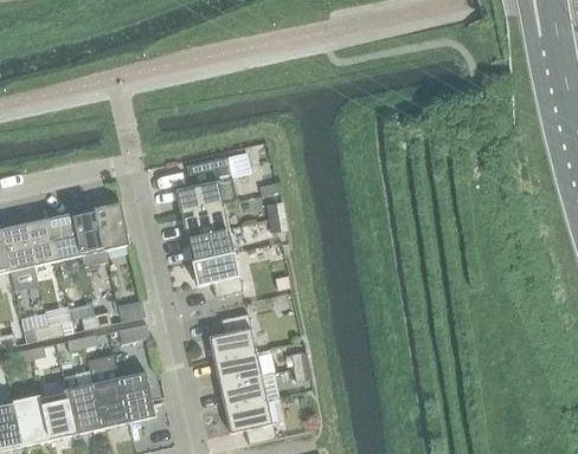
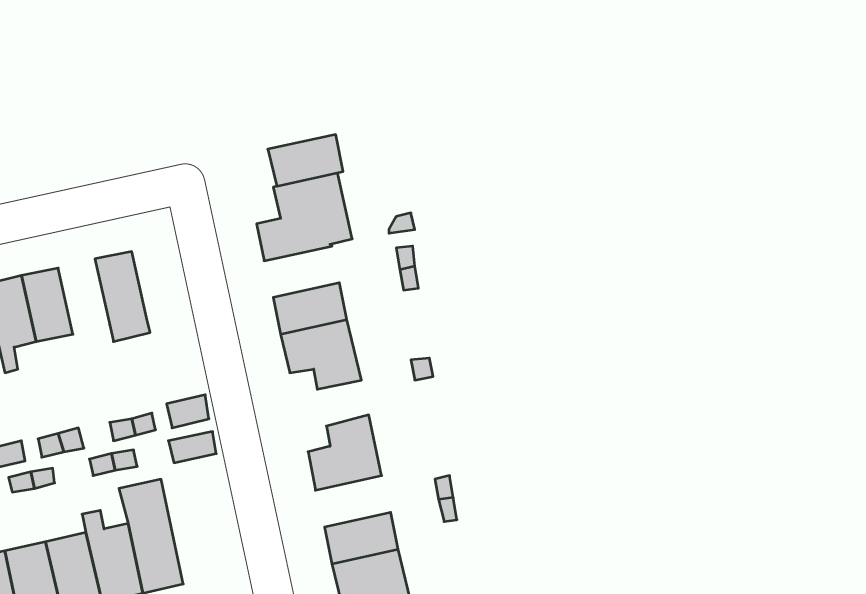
building: [95,202,129,251] -> none
building: [180,205,229,238] -> [268,135,343,186]
building: [47,213,81,261] -> none
building: [213,352,262,385] -> none
building: [118,371,155,422] -> none

